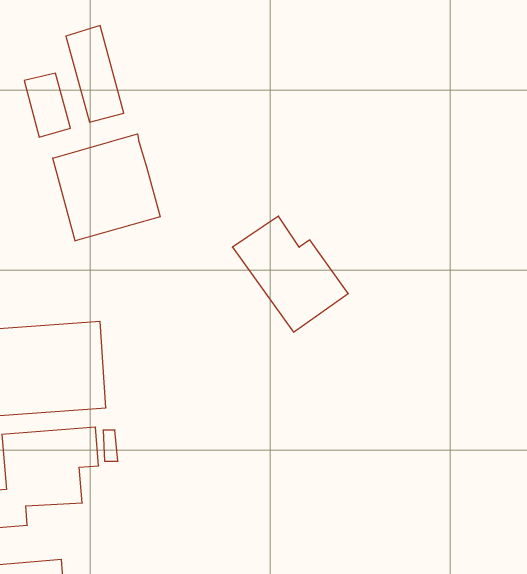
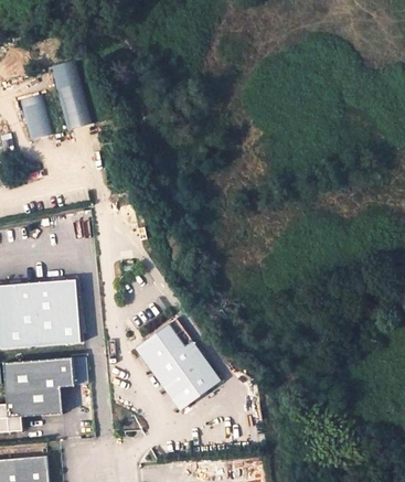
building: [53,134,160,241] -> none
building: [232,216,348,332] -> [135,324,221,410]

